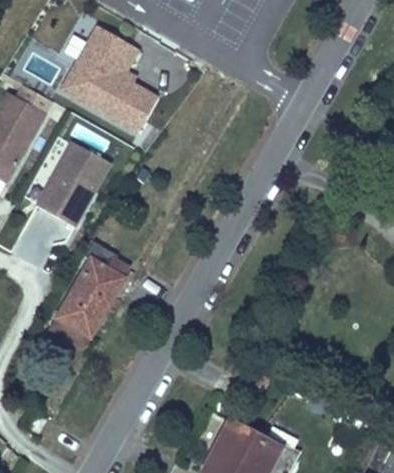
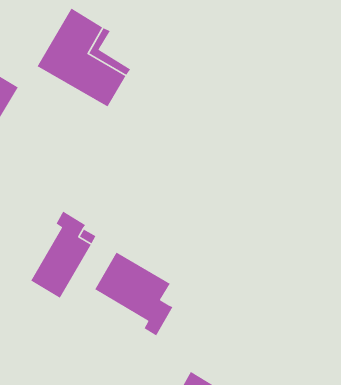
building: [34,142,110,227] -> none
building: none -> [94,252,174,336]

